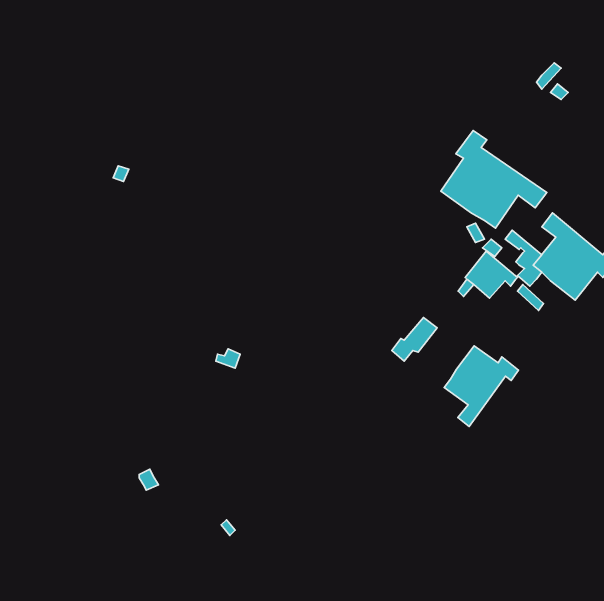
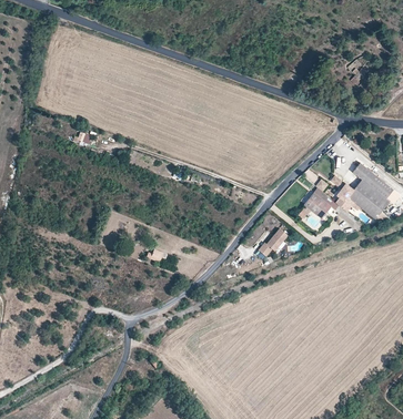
building: [441,131,547,228] -> none
building: [444,346,519,426] -> none

